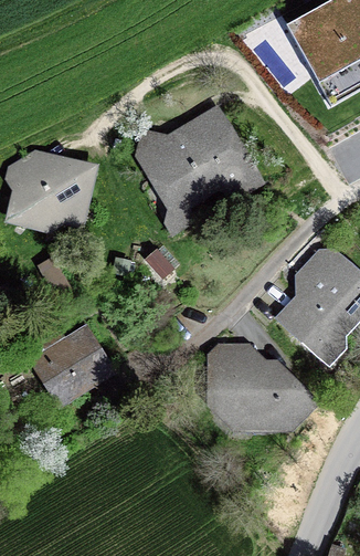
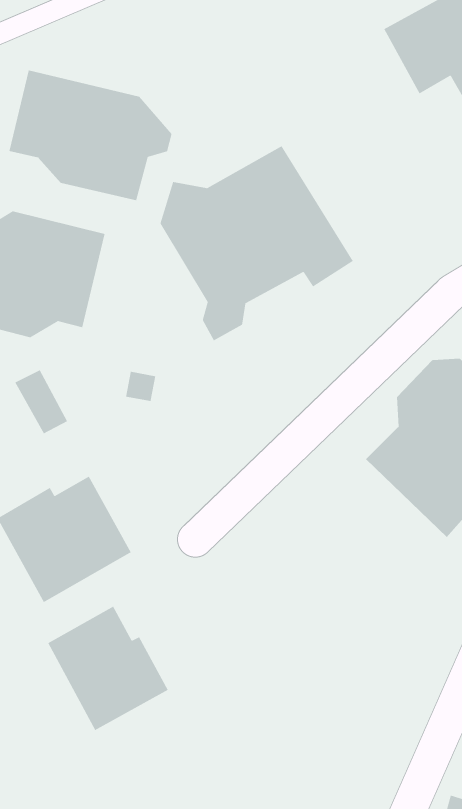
building: none -> [8,69,172,201]
building: [207,342,322,445] -> none
building: none -> [47,606,169,731]

